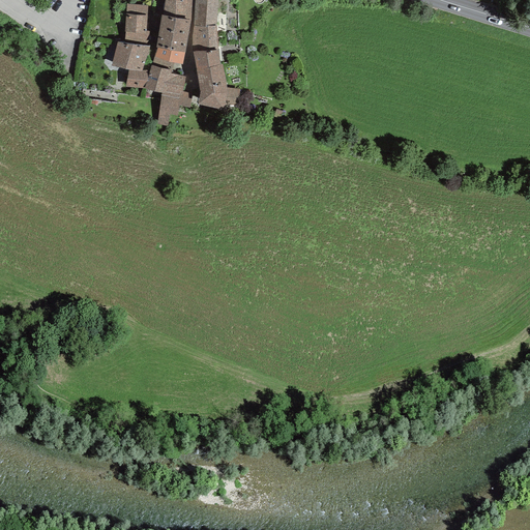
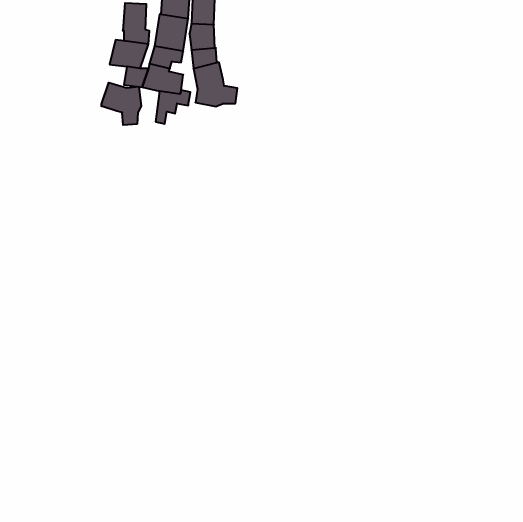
building: none -> [101,83,141,125]

